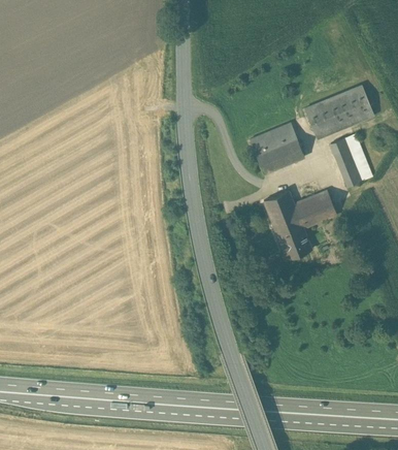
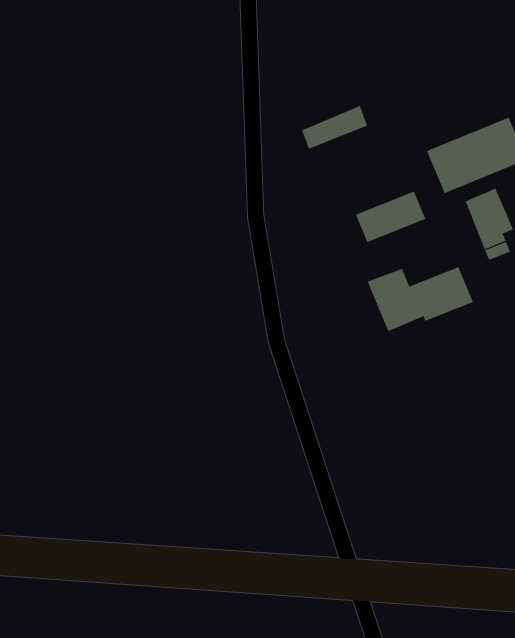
building: [250,123,296,154] -> [301,105,368,150]
building: [277,225,311,259] -> none

